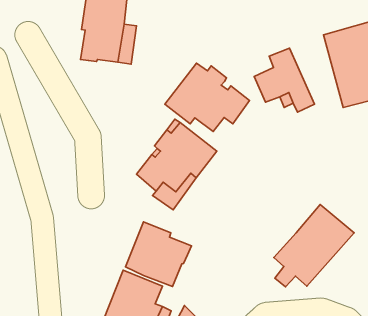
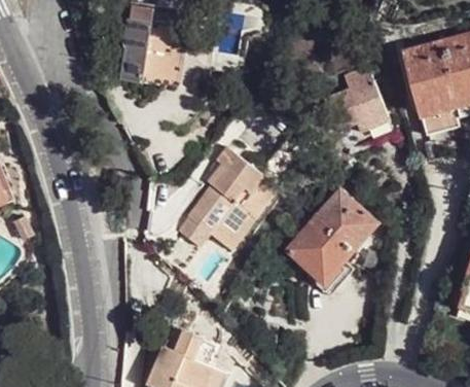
building: [165,63,250,131] -> none
building: [274,204,354,287] -> [285,189,377,285]
building: [125,222,191,286] -> none

